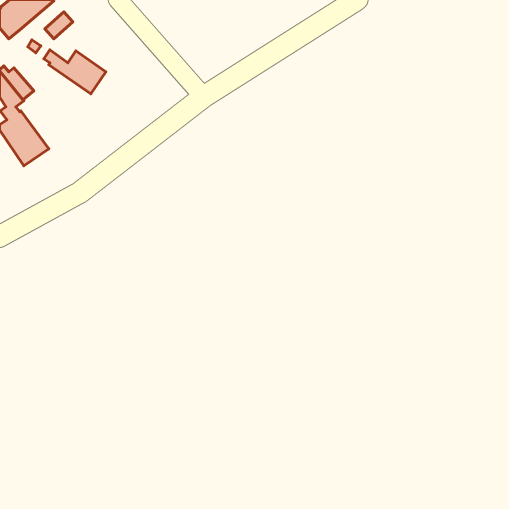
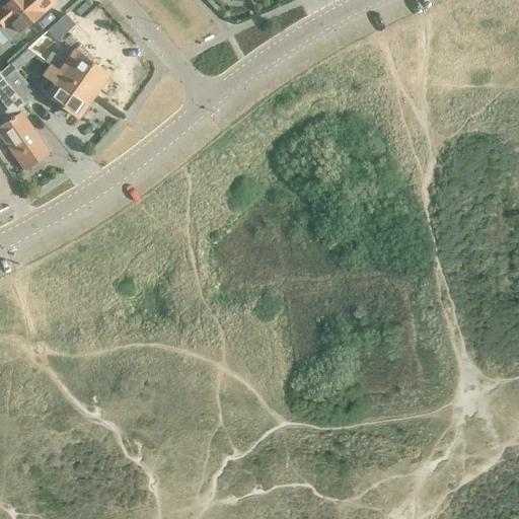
building: none -> [44,66,92,117]

